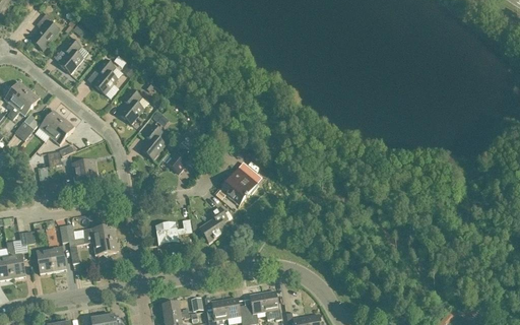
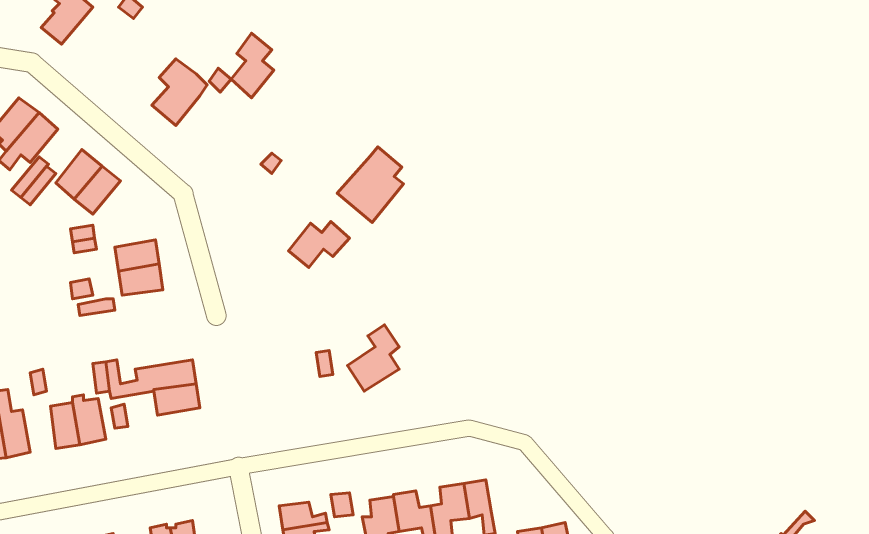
building: [58,39,82,73] -> none
building: [119,88,142,124] -> [231,33,274,98]
building: [140,125,164,158] -> none
building: [220,162,257,204] -> [337,147,404,223]
building: [155,221,179,245] -> none

